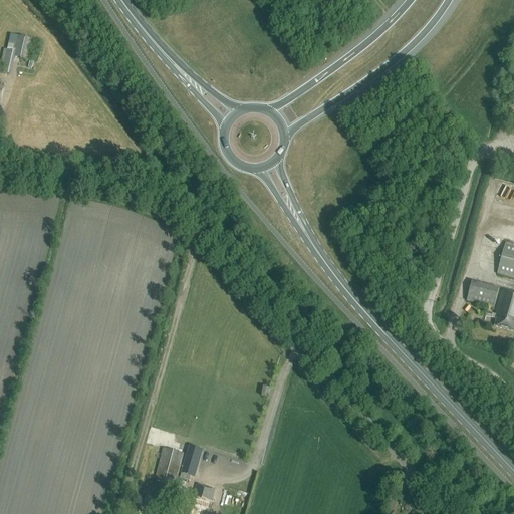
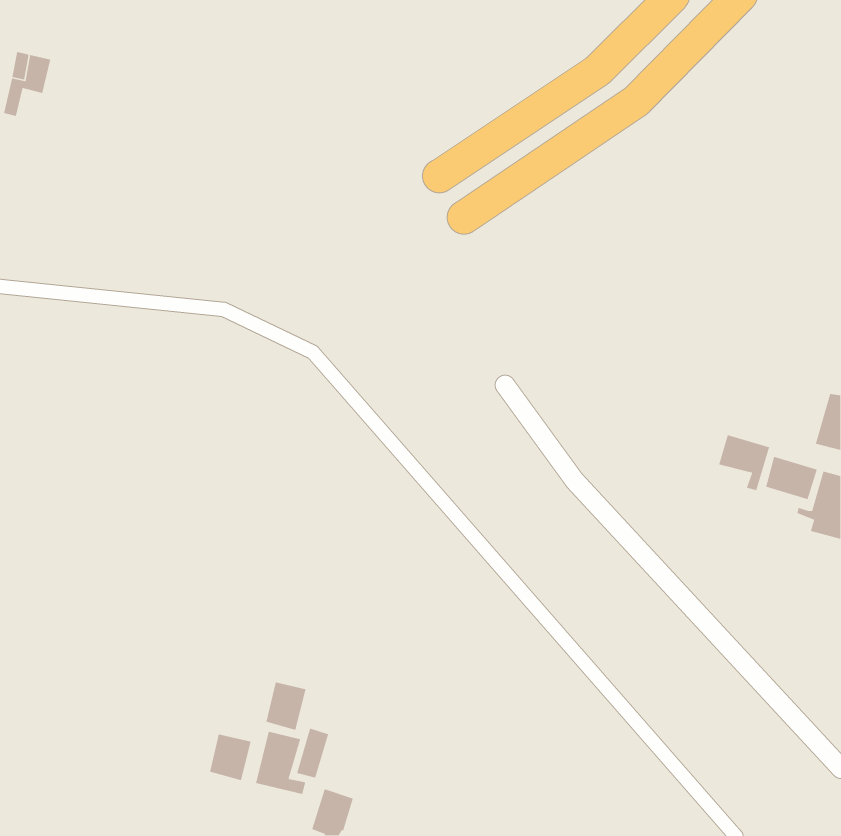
building: none -> [718,434,770,491]
building: none -> [266,682,306,731]
building: none -> [209,734,251,781]

